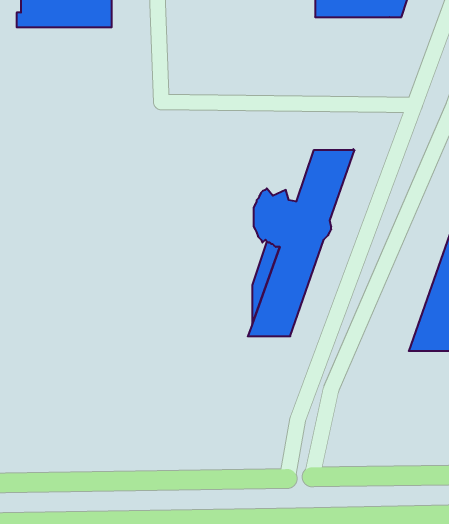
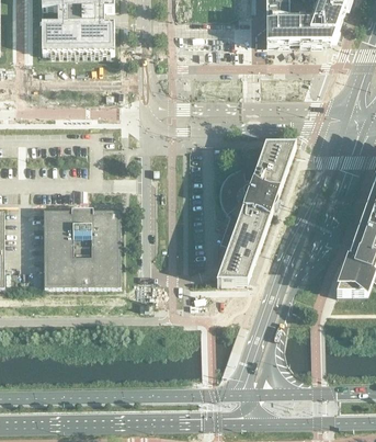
building: none -> [44,205,121,285]

